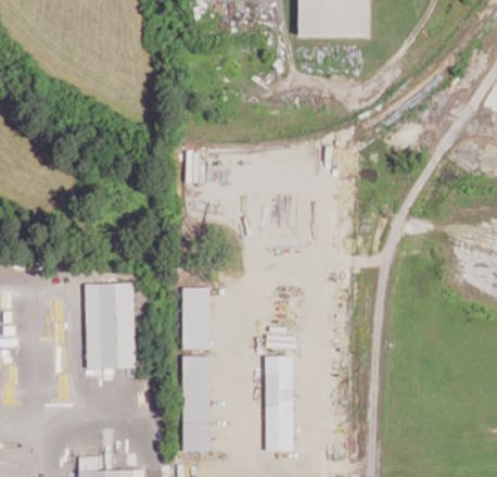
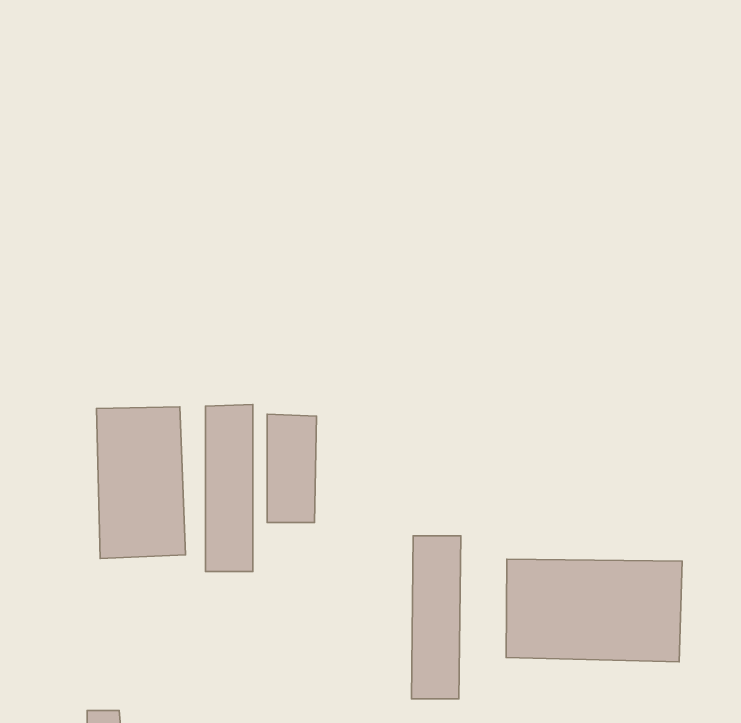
building: [182,355,209,451] -> [206,404,253,571]
building: none -> [506,559,682,662]

